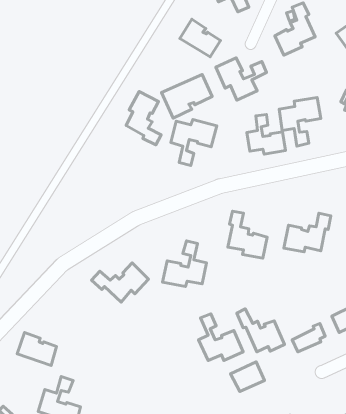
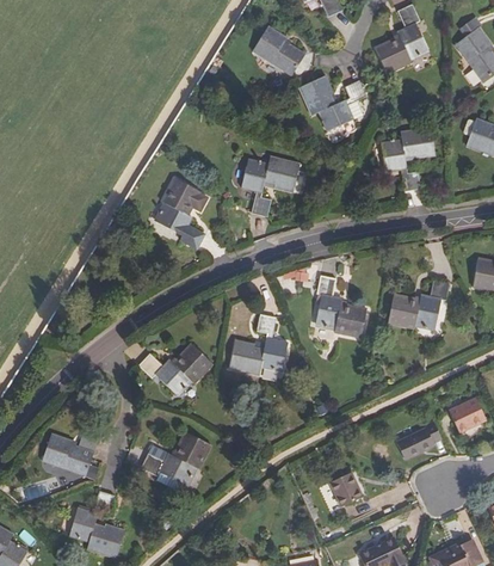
building: [161,75,212,118] -> none
building: [126,92,161,145] -> [159,178,204,247]
building: [247,115,286,154] -> none
building: [237,309,284,352] -> none
building: [198,314,243,361] -> none
building: none -> [141,431,211,485]

